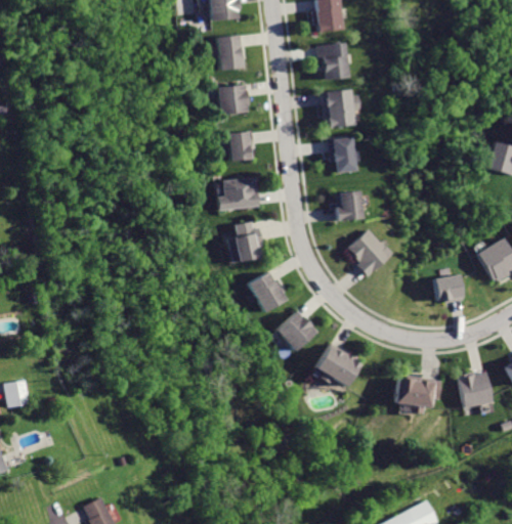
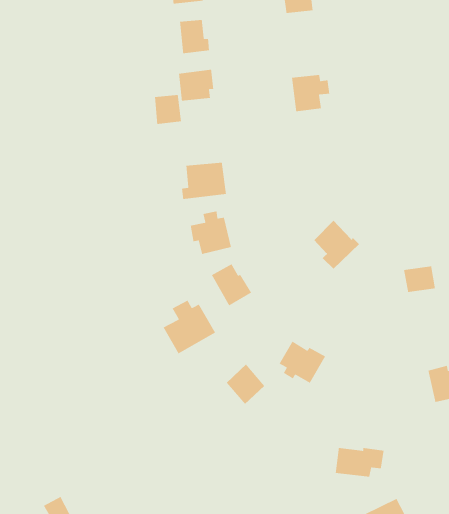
building: [317,42,350,81] -> none
building: [230,132,257,162] -> [154,94,182,125]
building: [328,135,356,173] -> none
building: [334,191,362,221] -> none
building: none -> [163,299,216,355]
building: [275,312,313,352] -> [226,364,265,405]
building: [393,379,441,408] -> [335,447,385,478]

